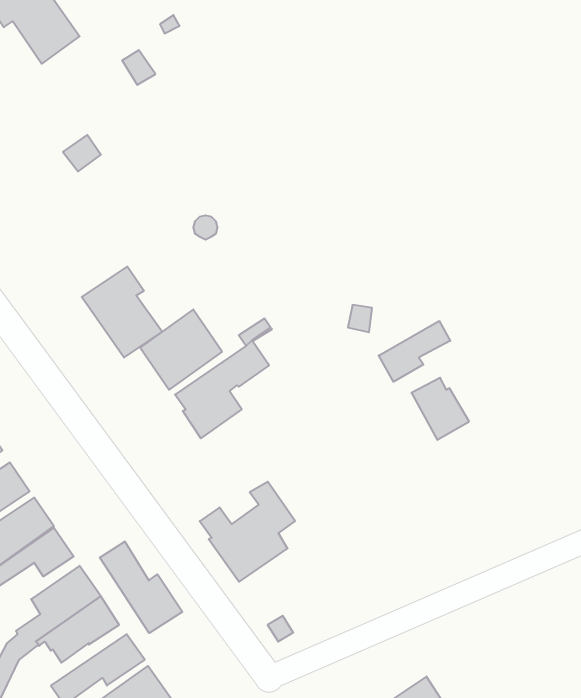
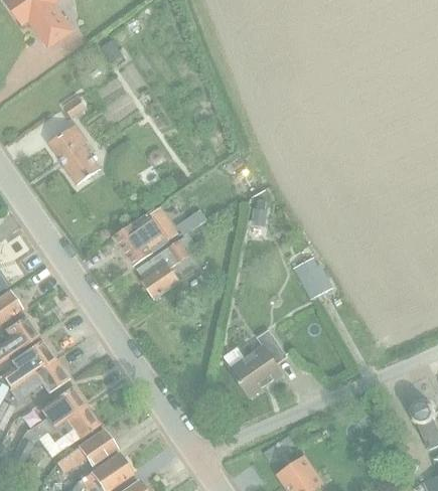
building: [82,267,162,358] -> [46,122,100,182]
building: [379,321,450,382] -> none
building: [200,482,295,582] -> [223,331,286,397]
building: [100,541,182,633] -> none

